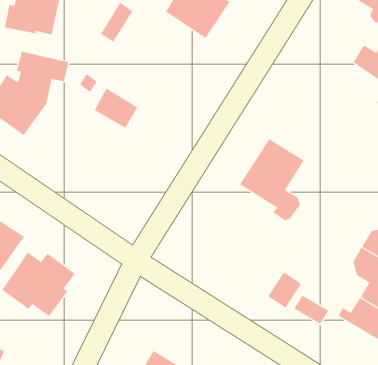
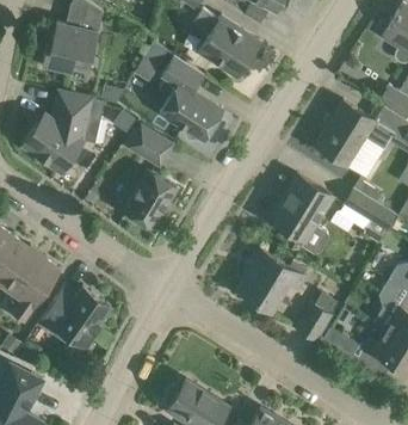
building: none -> [160,55,223,141]
building: none -> [315,100,395,167]
building: none -> [124,170,177,228]
building: none -> [344,187,397,242]
building: none -> [236,250,305,312]

